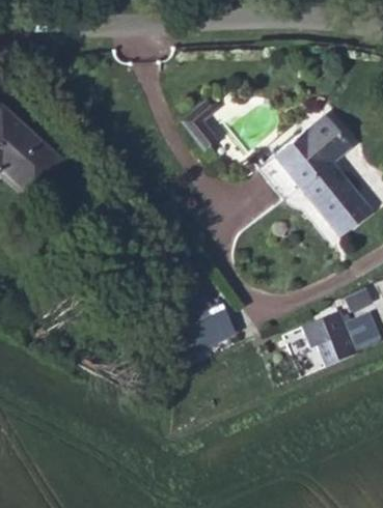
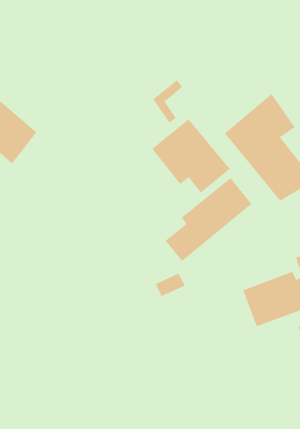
building: none -> [151,118,230,193]
building: none -> [165,177,252,262]

